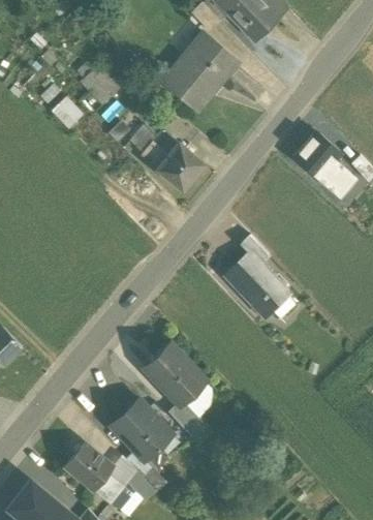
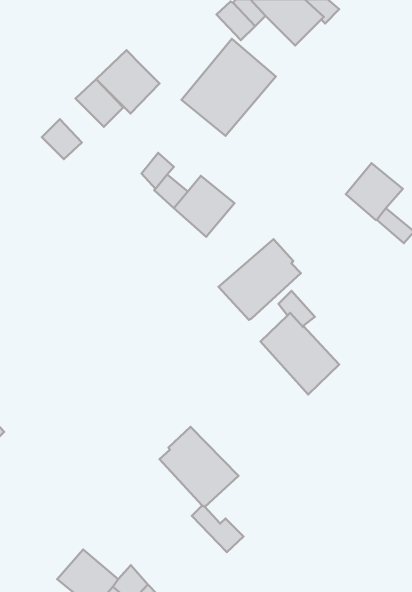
building: none -> [96,50,159,114]
building: none -> [219,239,301,320]
building: [112,399,169,457] -> none

